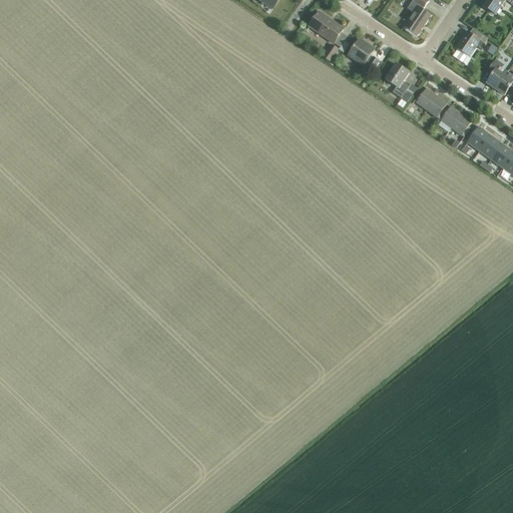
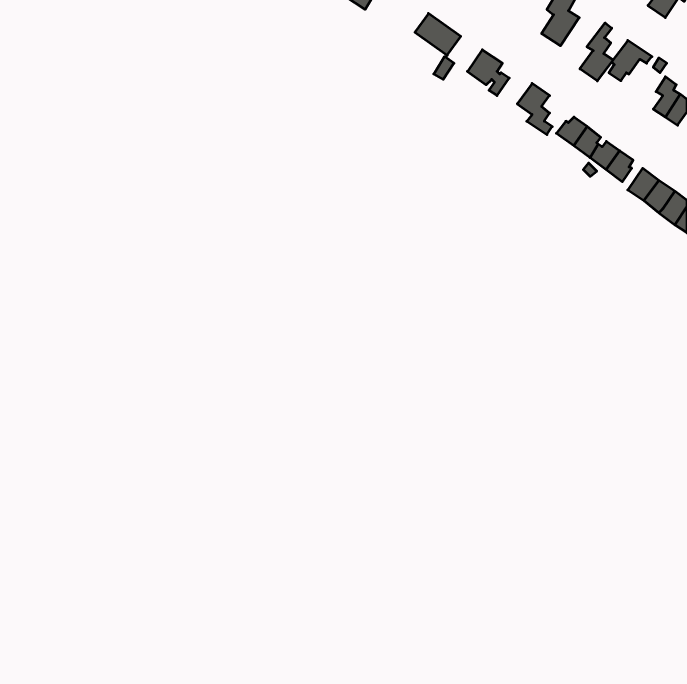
building: none -> [580,23,613,81]

